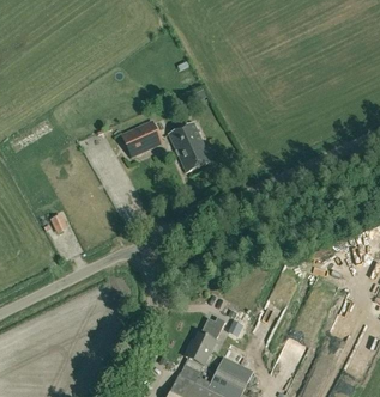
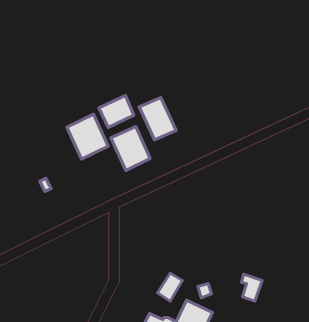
building: none -> [67,114,108,159]
building: none -> [111,126,150,171]

